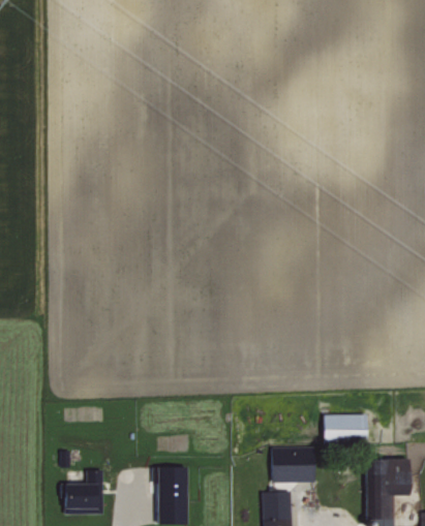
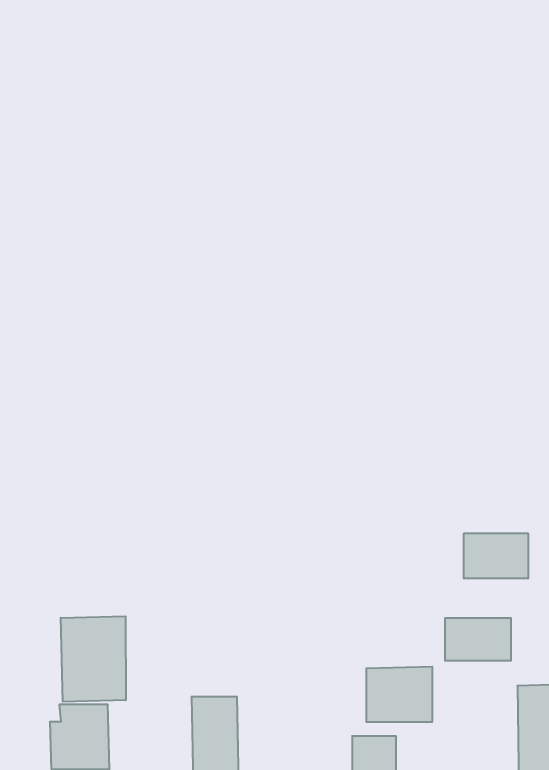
building: none -> [464,533,528,579]
building: none -> [61,616,126,702]

